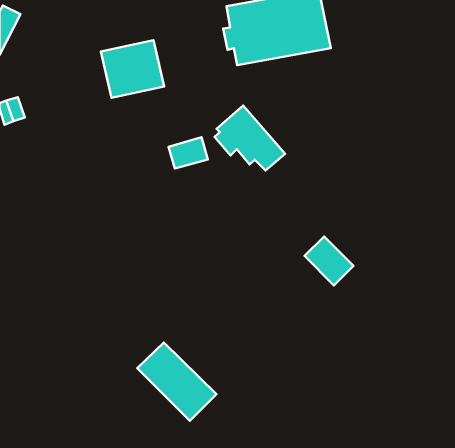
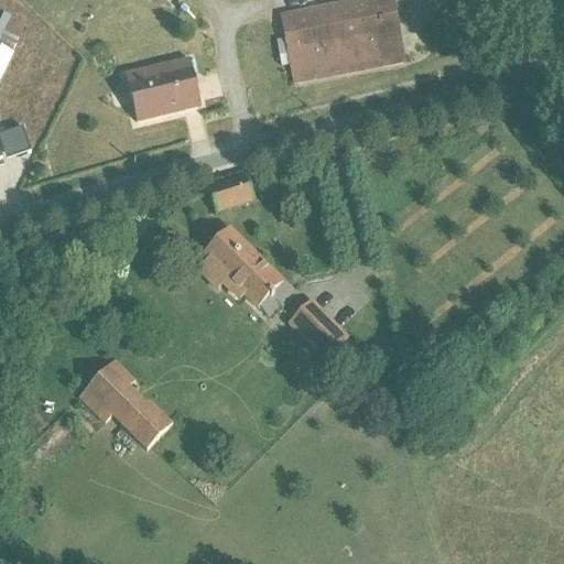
building: [215,106,285,171] -> [198,228,285,308]
building: [304,236,353,285] -> [285,297,346,358]
building: [137,342,217,421] -> [78,360,176,457]

